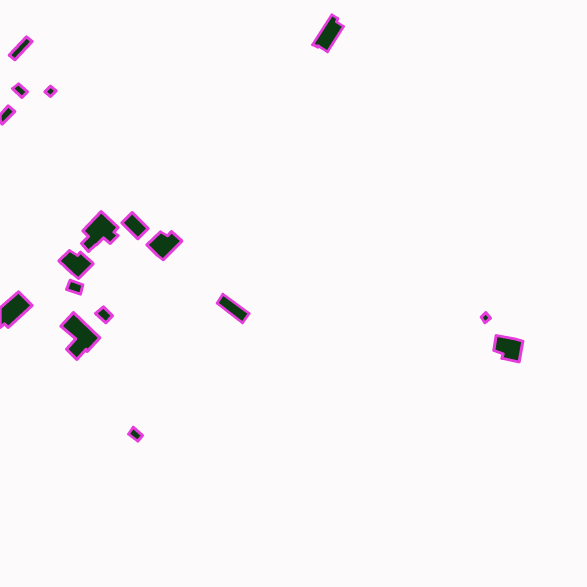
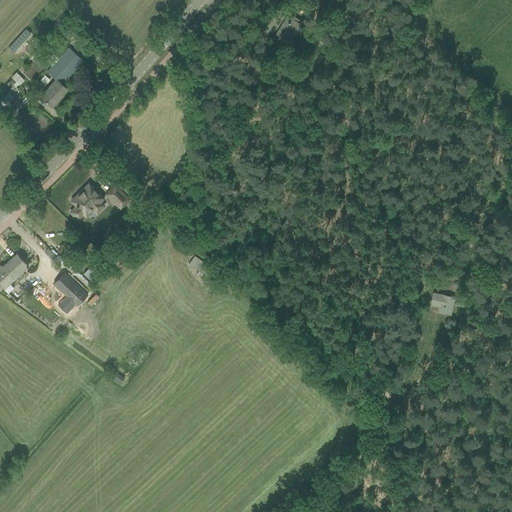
building: none -> [40,48,83,107]
building: [147,231,182,260] -> none
building: [59,250,93,278] -> none

